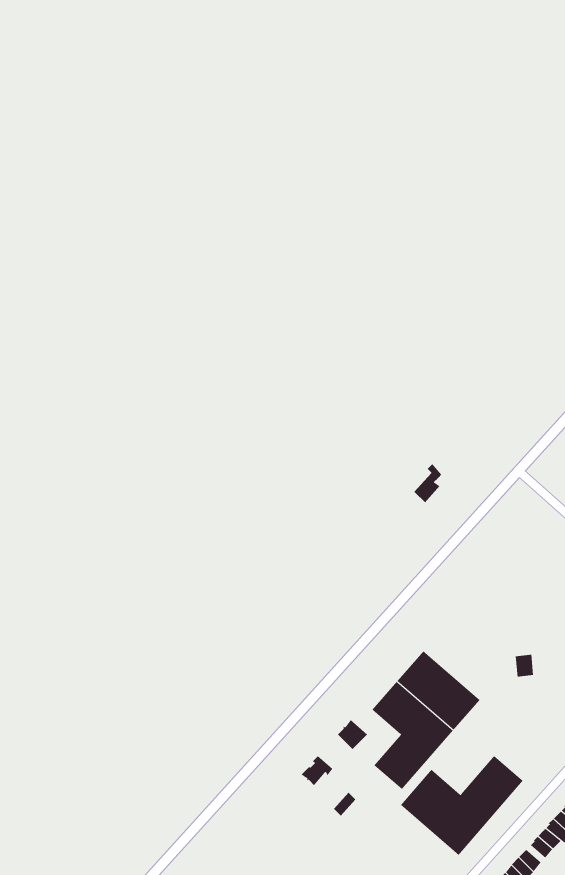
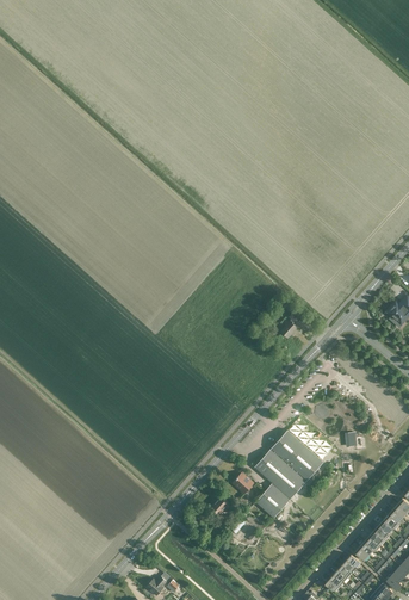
building: [400,755,523,856] -> none

